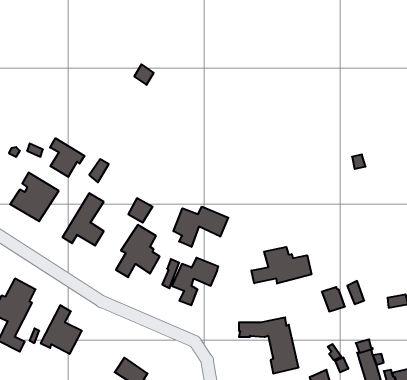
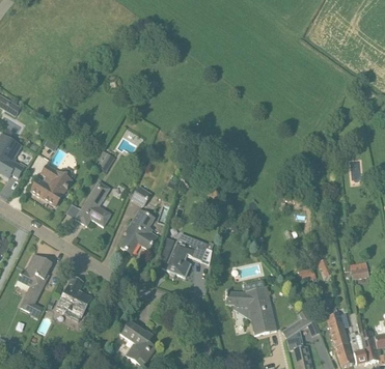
building: [50,138,84,177] -> none
building: [173,207,228,247] -> none
building: [251,247,311,284] -> none

